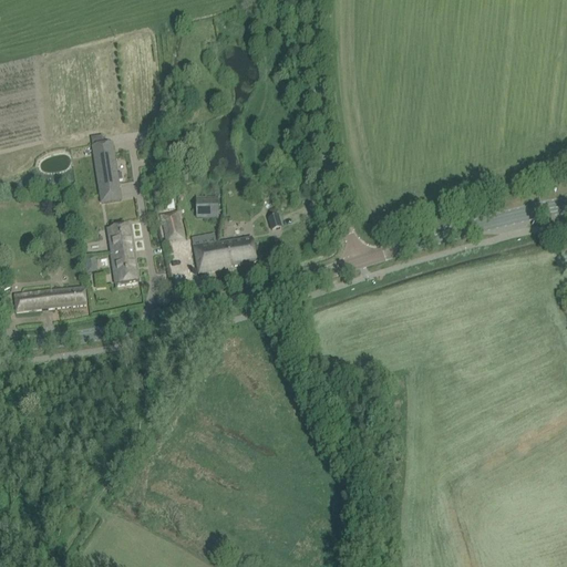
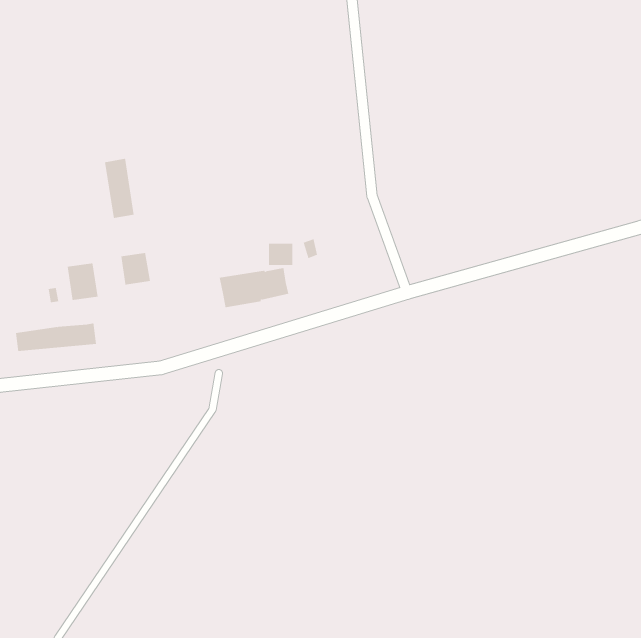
building: [195,196,217,216] -> [268,243,293,266]
building: [161,208,184,237] -> none
building: [110,248,137,281] -> [67,263,98,300]

